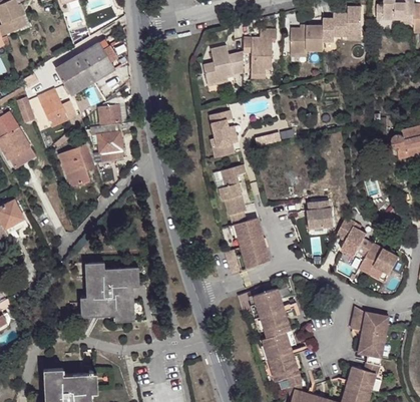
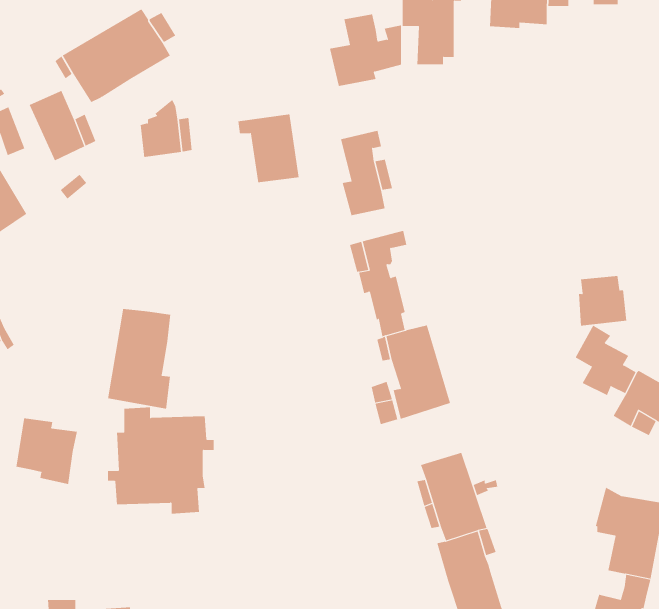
building: [90,124,124,162] -> [237,114,299,183]
building: [59,144,94,187] -> none
building: [308,202,335,230] -> [578,275,627,326]
building: none -> [108,308,171,410]
building: none -> [16,417,77,485]

